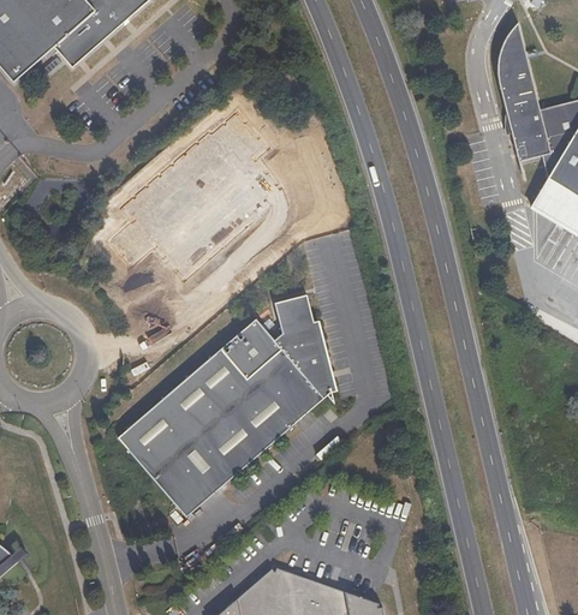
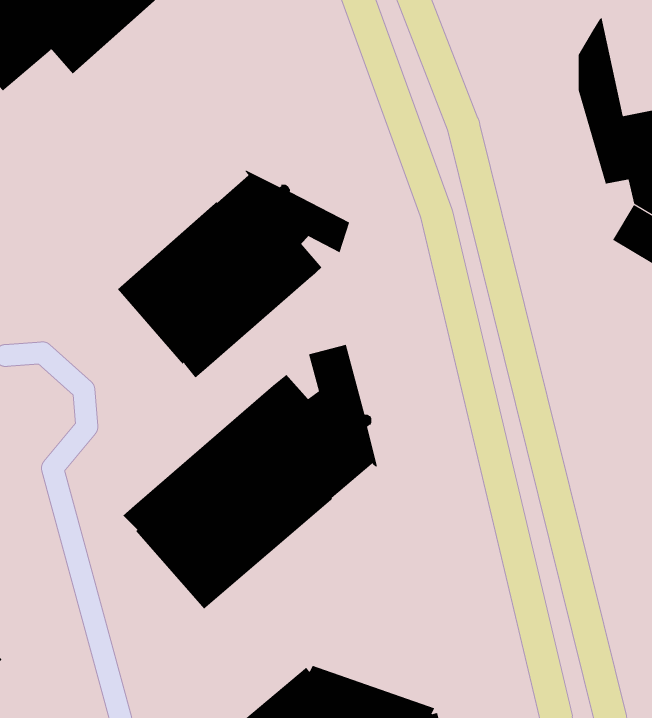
building: none -> [117,169,350,379]

